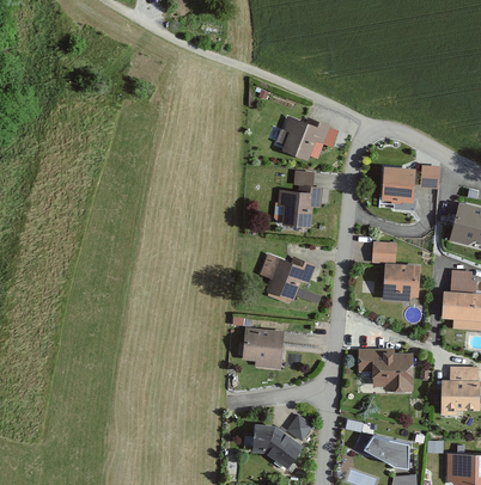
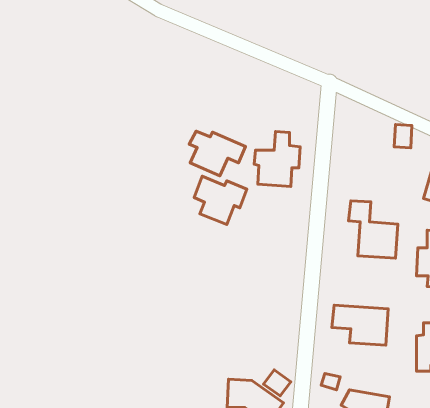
building: [282,116,340,161] -> [189,131,246,176]
building: [382,166,416,203] -> none
building: [261,253,315,302] -> [194,176,247,224]
building: [242,327,285,369] -> none

